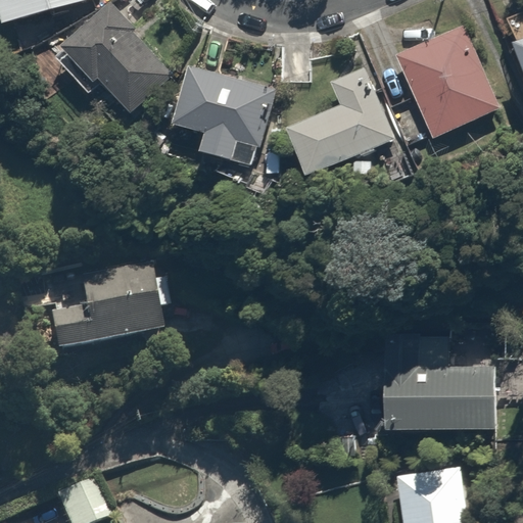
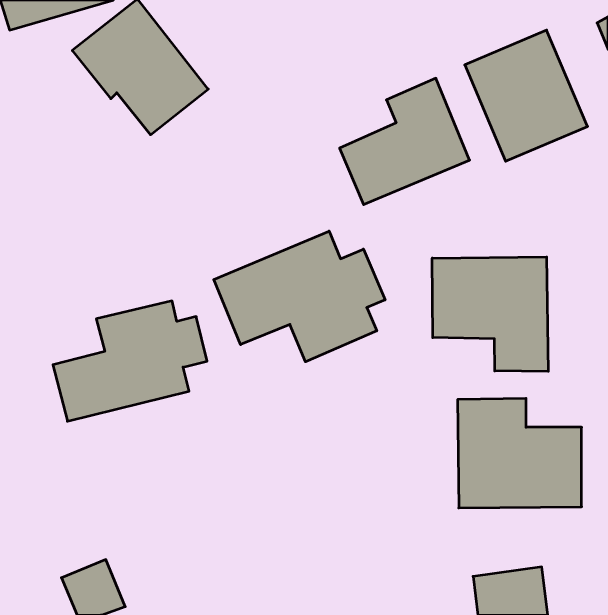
building: [172,66,265,161] -> none
building: none -> [214,231,385,362]
building: none -> [432,257,548,371]

